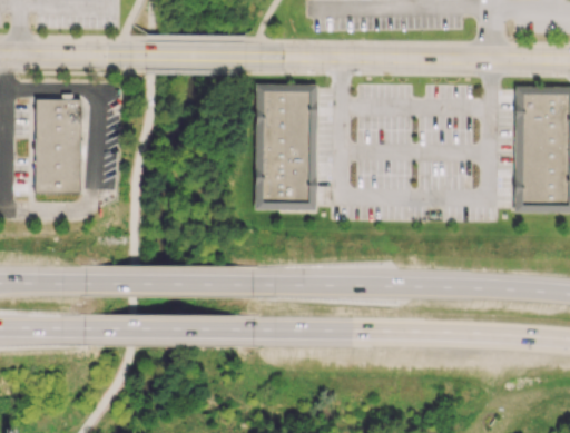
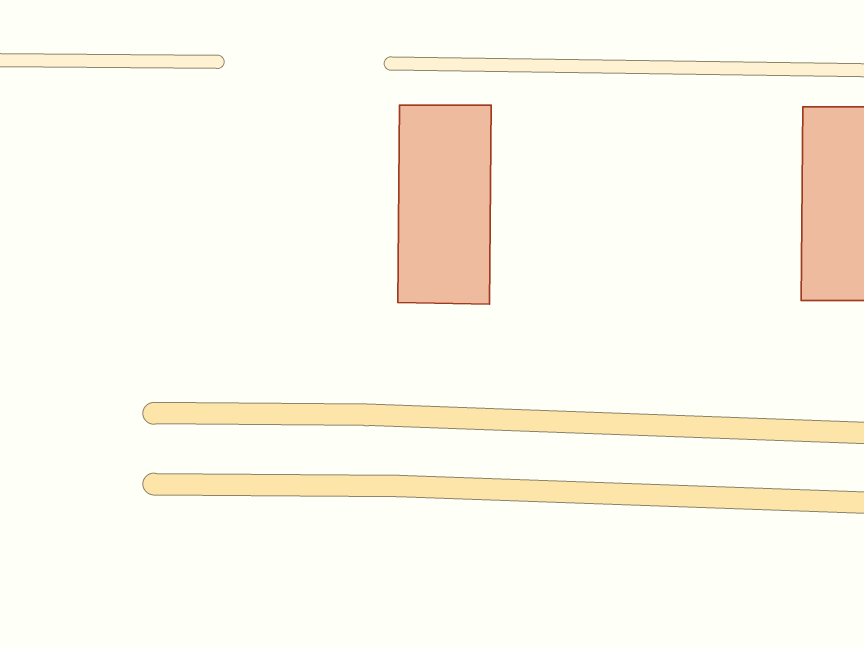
building: [35,96,80,194] -> none

